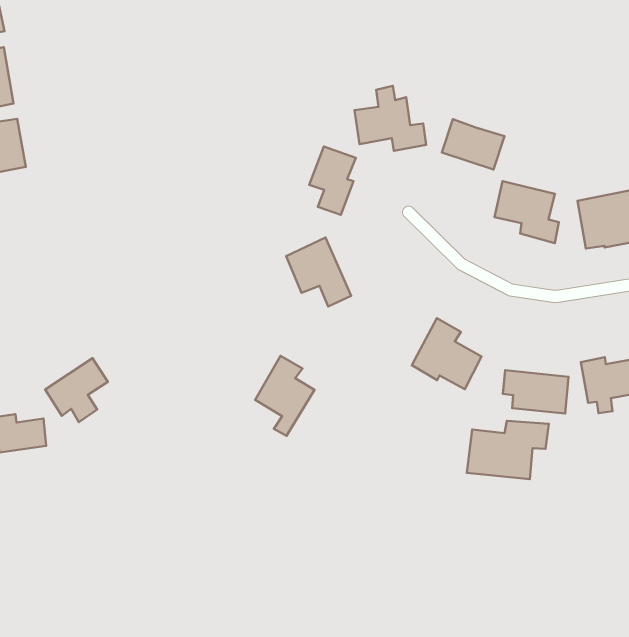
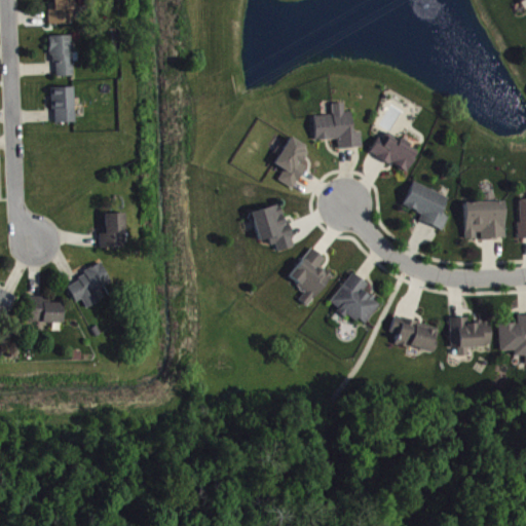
building: none -> [99,213,125,248]
building: [255,356,314,436] -> [289,248,332,305]
building: [467,421,549,479] -> none

